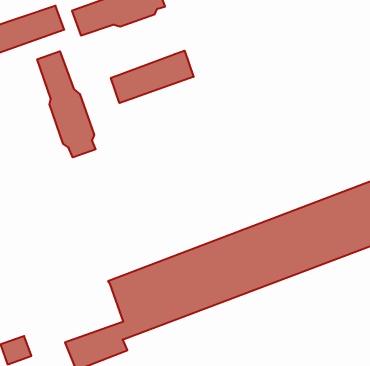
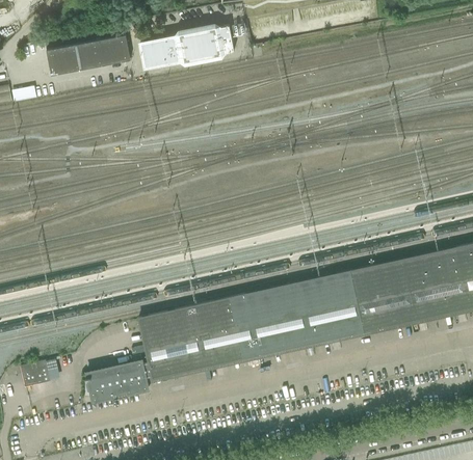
building: [111,51,194,103] -> none
building: [37,51,96,157] -> none

